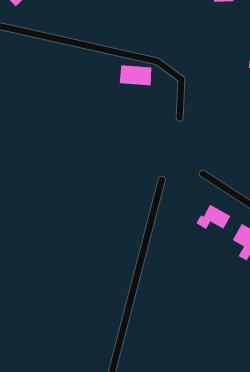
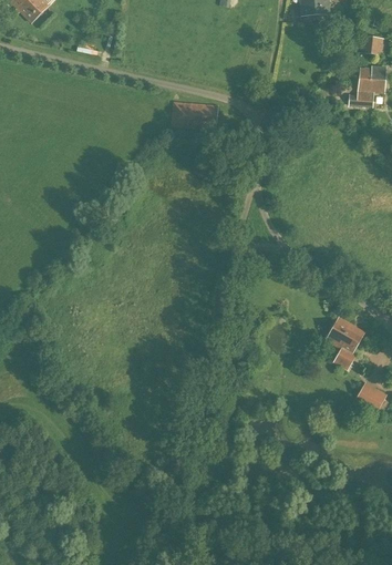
building: [196,204,231,230] -> none

